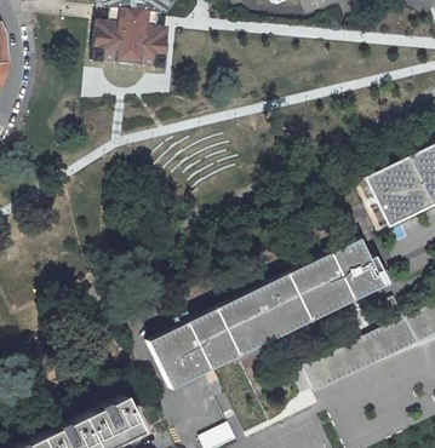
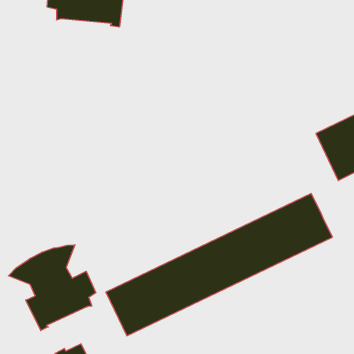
building: none -> [8,245,96,331]

